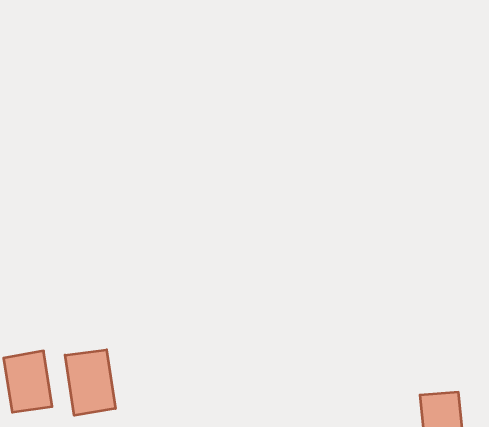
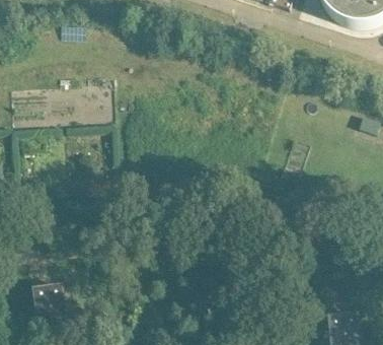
building: [65,350,115,415] -> none

